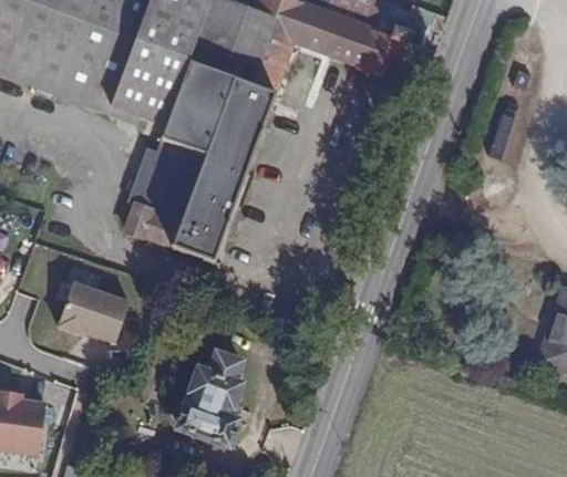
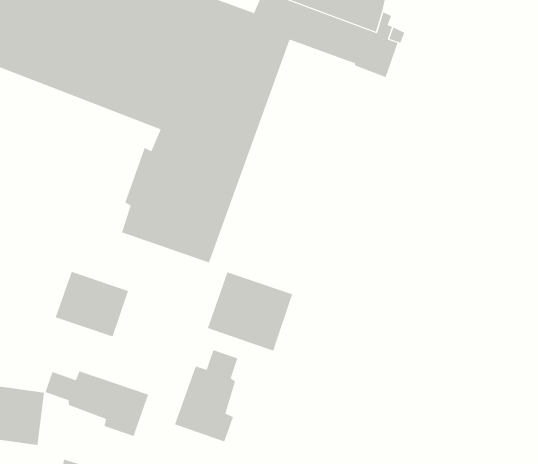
building: none -> [207,272,293,351]
building: none -> [45,370,149,437]

